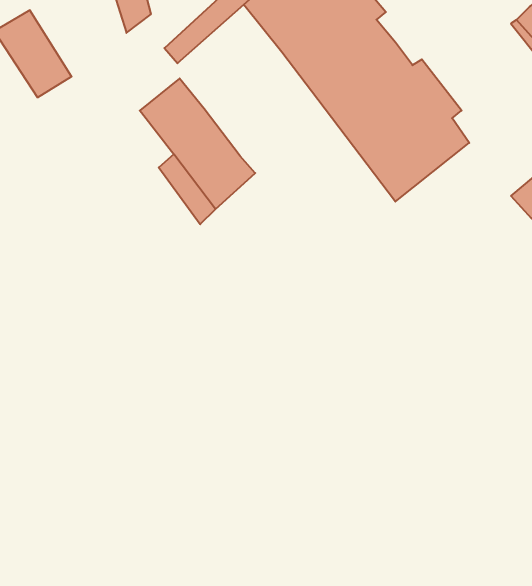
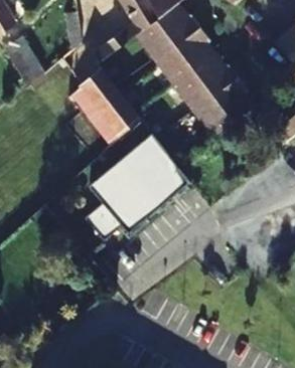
building: none -> [85,138,189,246]

